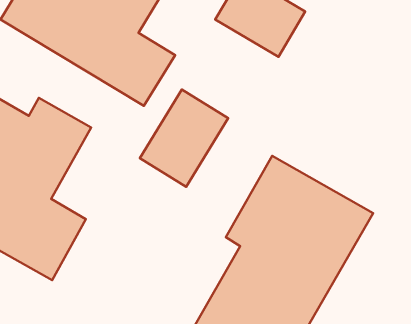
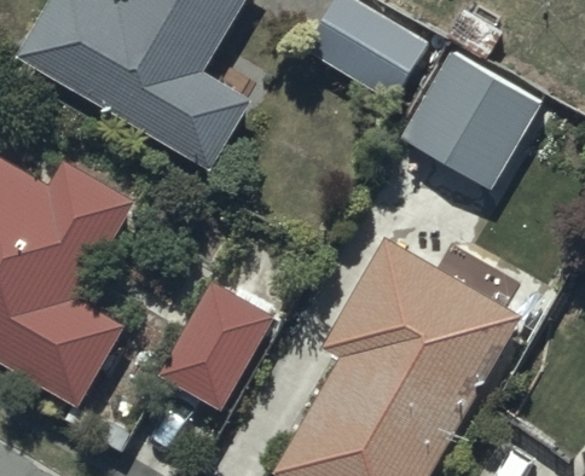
building: none -> [394,45,537,187]
building: [140,90,228,187] -> [157,281,277,413]

